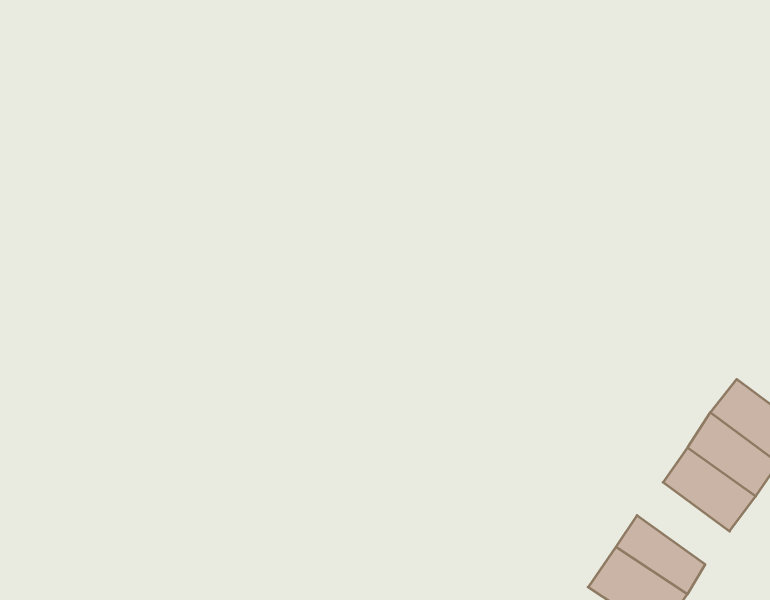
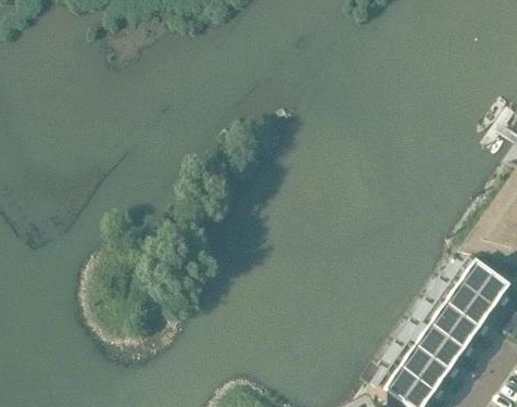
building: none -> [407,319,465,370]

